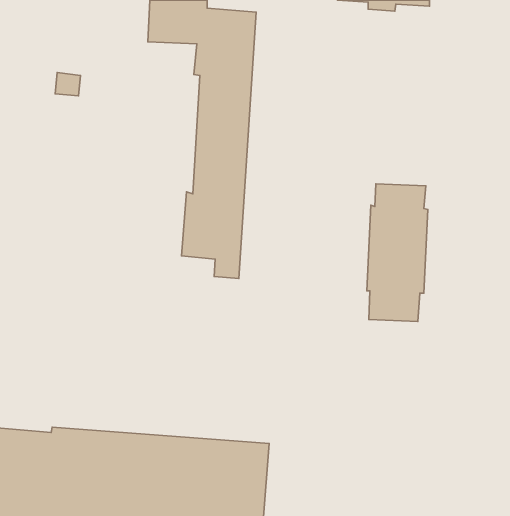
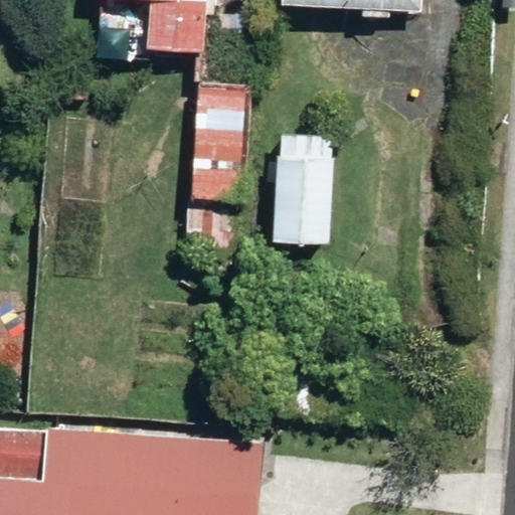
building: [367,184,428,322] -> [271,132,331,268]

